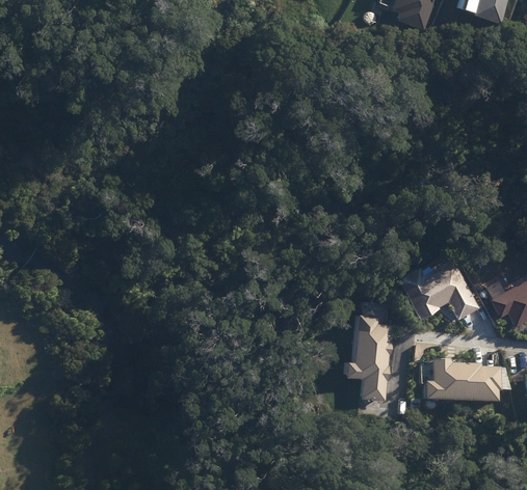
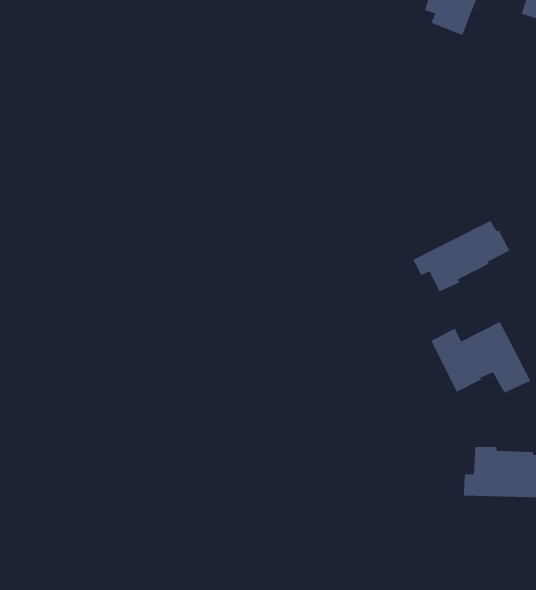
building: none -> [412,220,510,292]
building: [345,312,392,398] -> none

